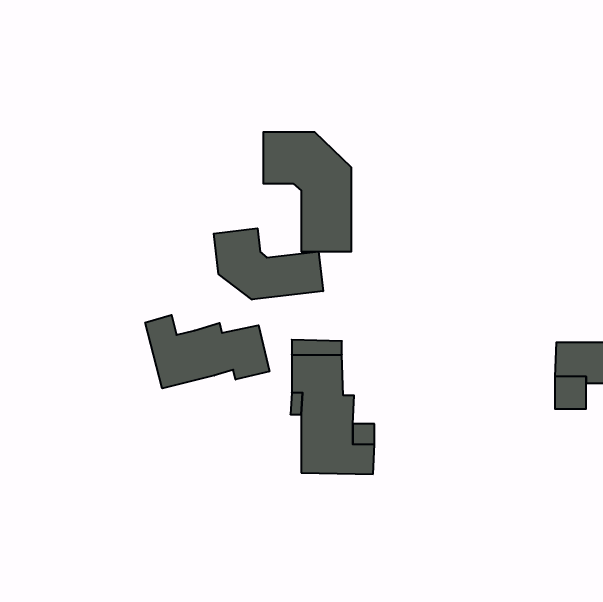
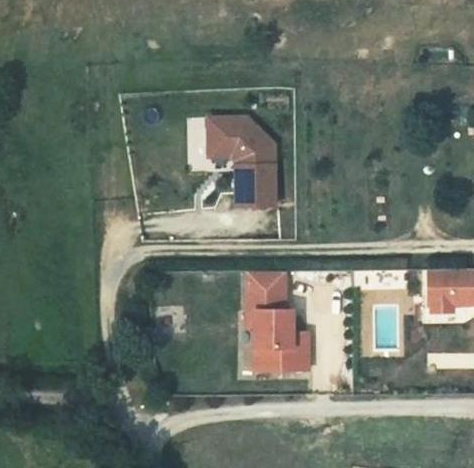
building: [214,228,323,300] -> none
building: [145,315,269,388] -> none

